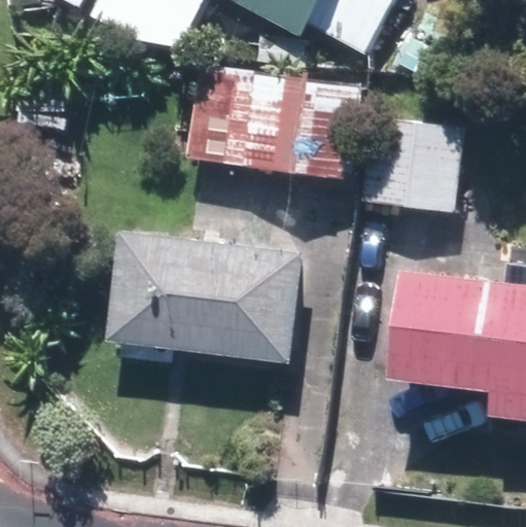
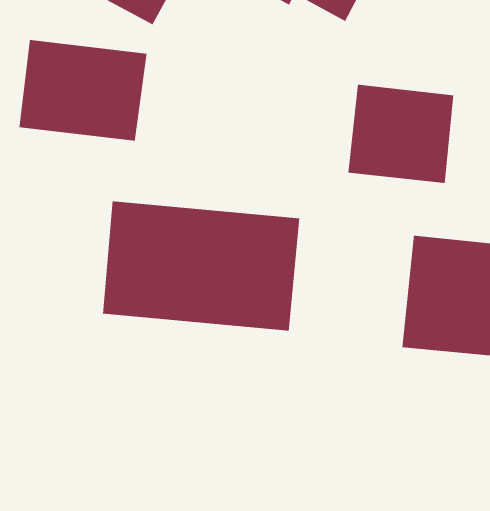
building: [173,68,355,180] -> none
building: none -> [19,39,147,142]

